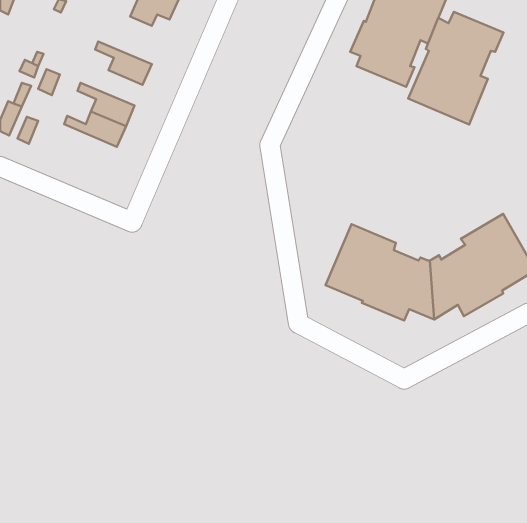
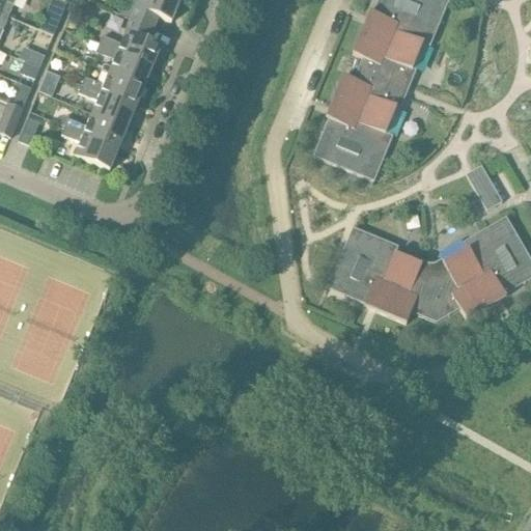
building: [408,12,503,124] -> [313,66,409,179]
building: none -> [100,17,162,64]
building: none -> [82,71,144,106]
building: none -> [61,124,118,168]
building: none -> [467,164,503,208]

